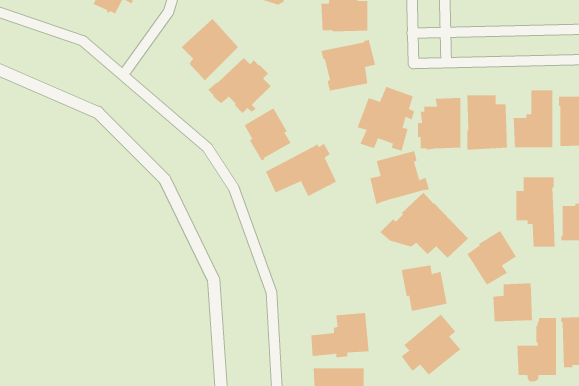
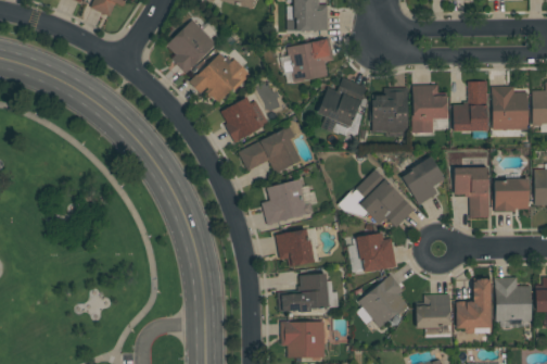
building: [370,151,430,205] -> [262,179,314,226]
building: [467,230,517,286] -> [402,156,445,204]
building: none -> [276,229,315,267]
building: [493,283,533,322] -> [416,294,450,328]

